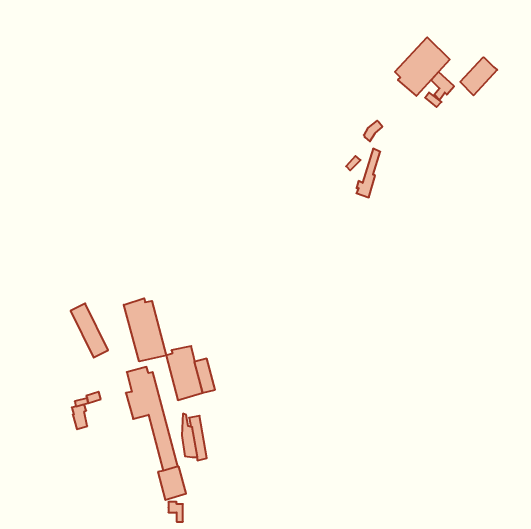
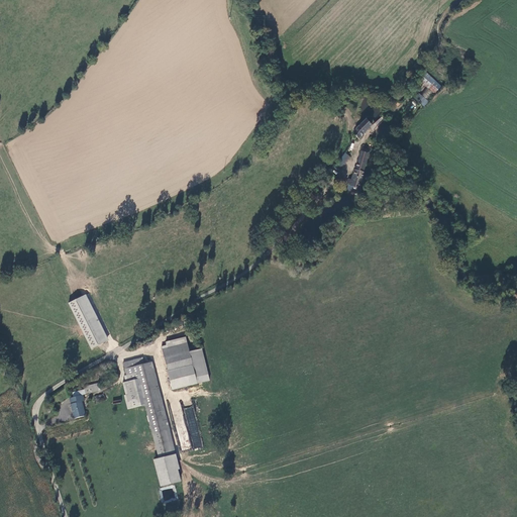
building: [395,37,450,96] -> none
building: [460,57,497,95] -> none
building: [124,298,166,361] -> none

